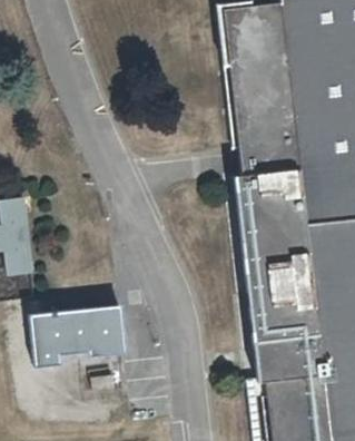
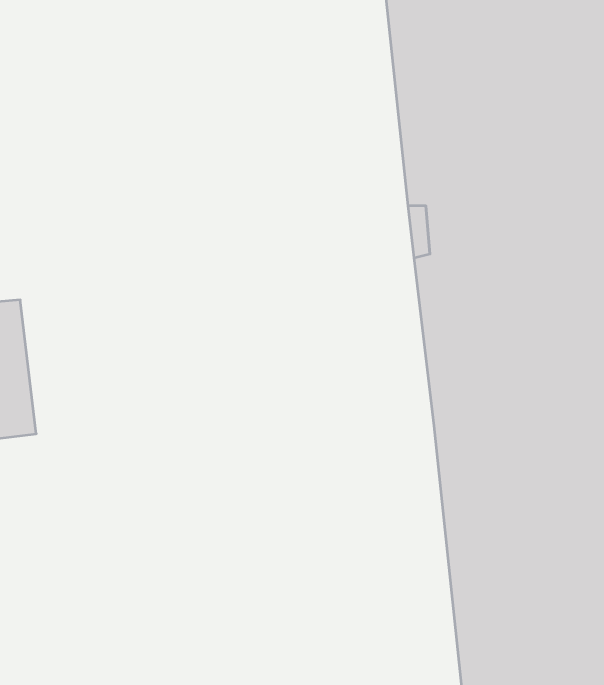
building: [31,307,127,370] -> none

